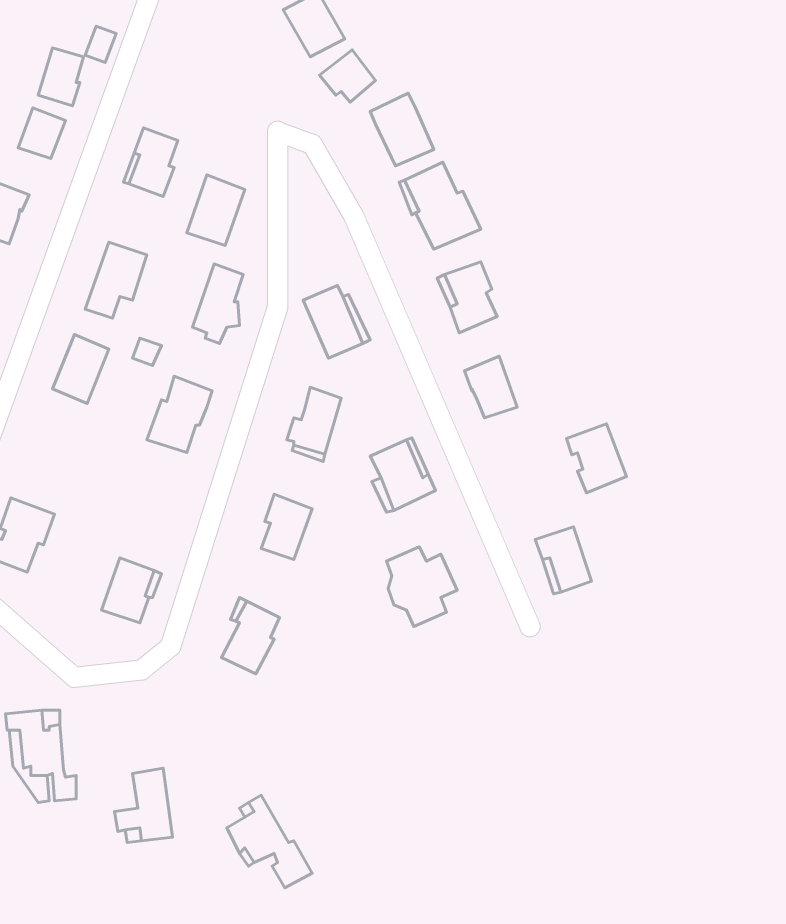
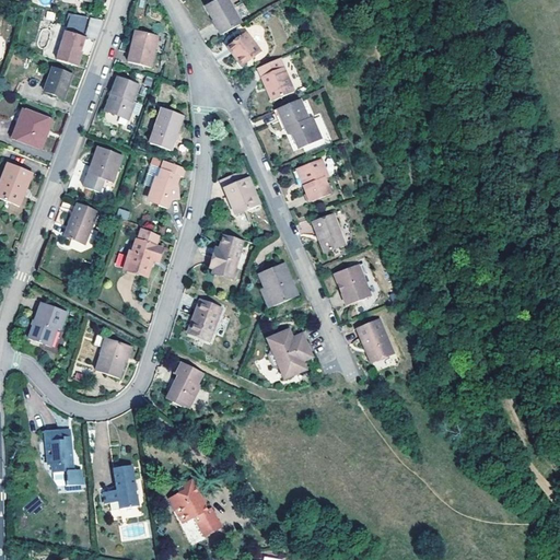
building: none -> [127,31,159,68]
building: [566,424,626,493] -> [335,265,371,306]

